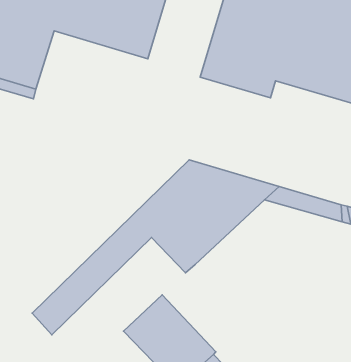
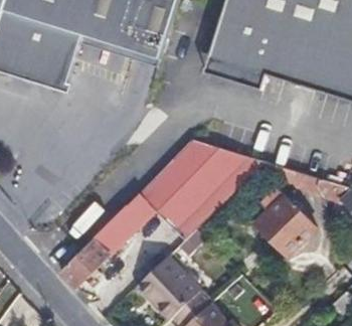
building: none -> [254,188,315,256]

